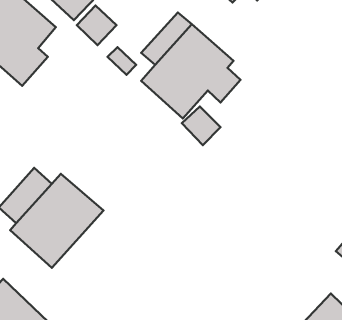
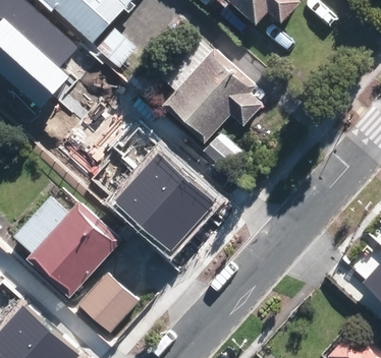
building: none -> [112,155,212,252]
building: none -> [77,272,139,333]

